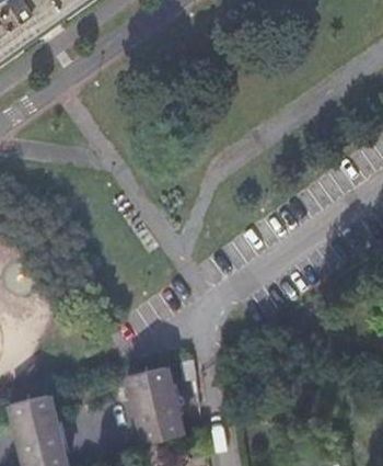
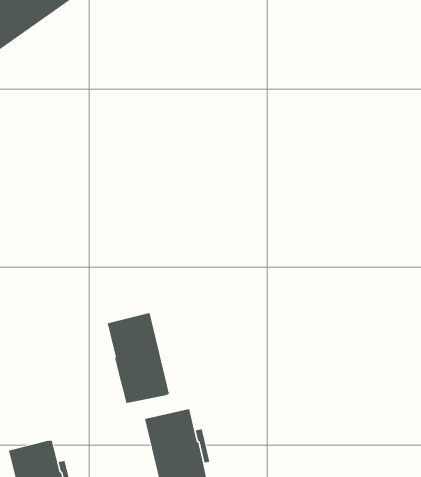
building: none -> [107,312,169,404]

